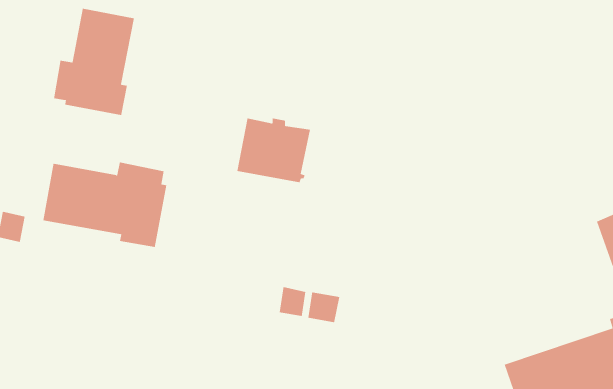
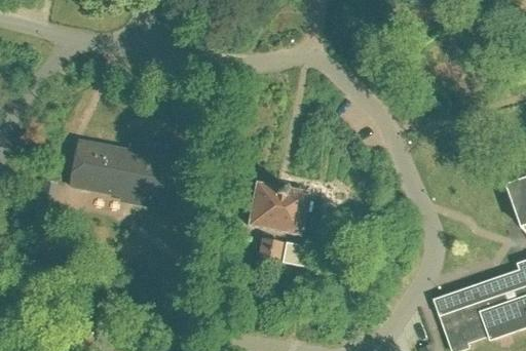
building: [53,8,134,116] -> none
building: [237,118,311,183] -> [248,183,306,234]

